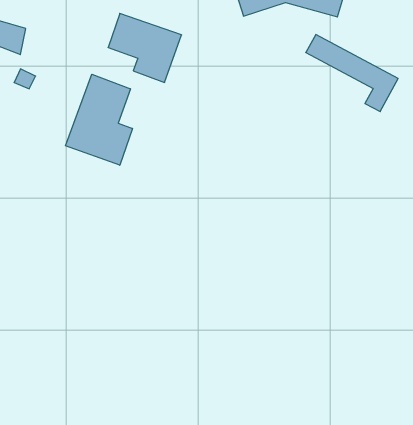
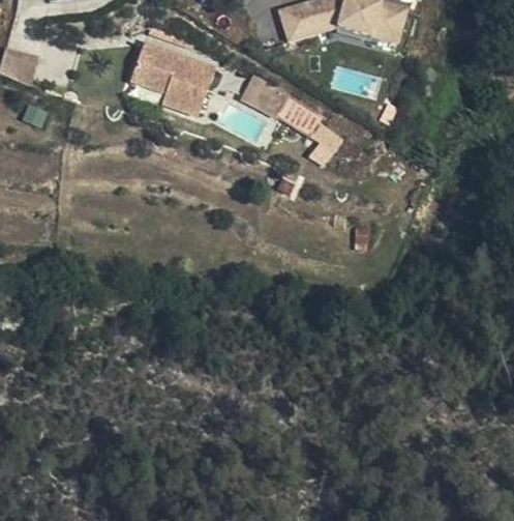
building: [306,35,398,112] -> [240,77,346,166]
building: [66,74,132,165] -> none

